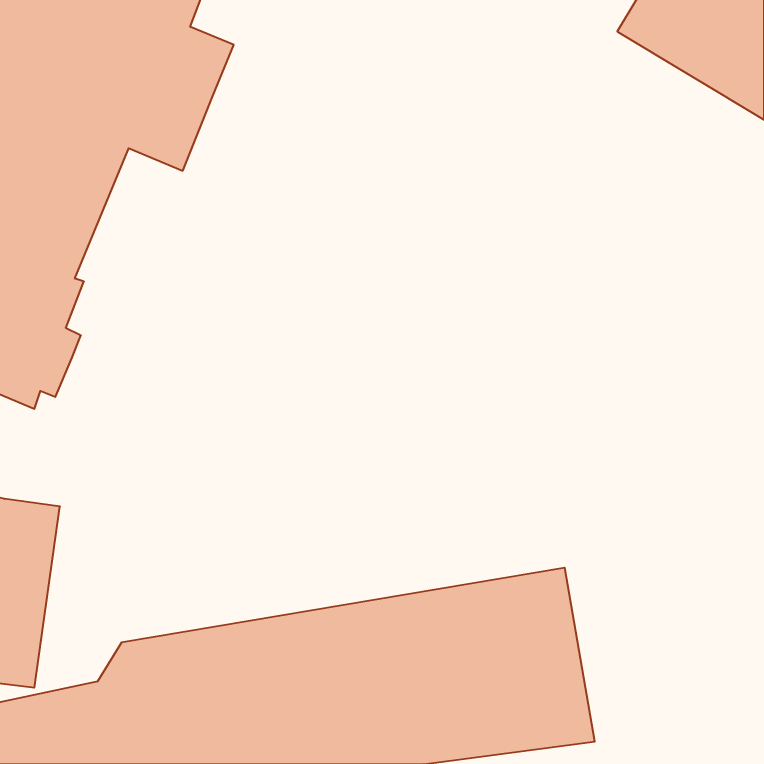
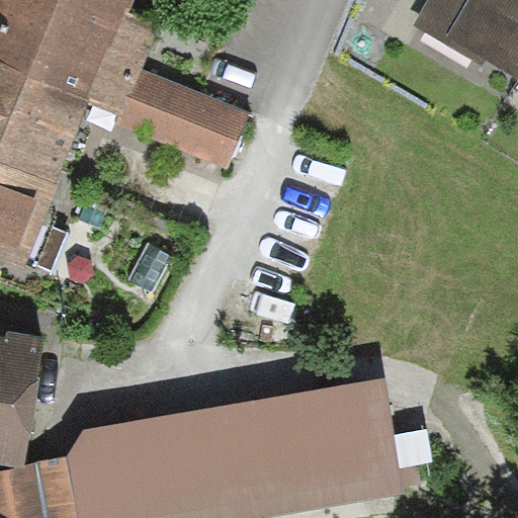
building: none -> [120,65,247,167]

